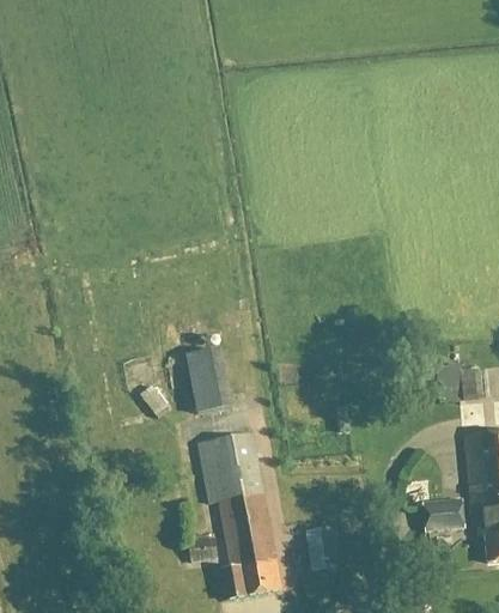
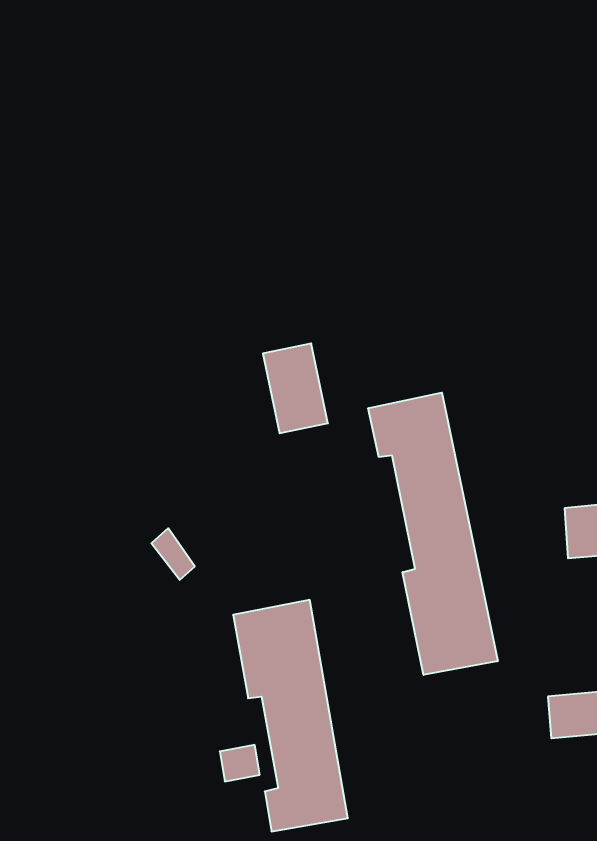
building: none -> [368,393,498,675]
building: [185,347,232,412] -> [263,343,328,433]
building: [306,527,339,569] -> none

